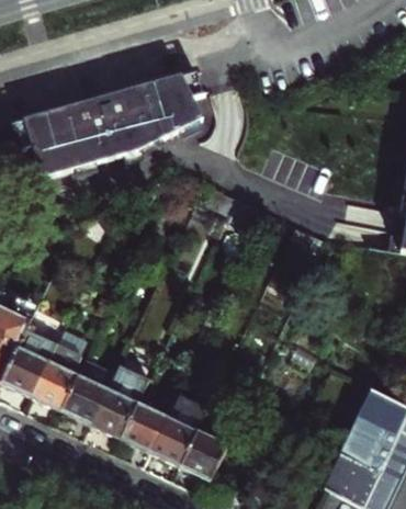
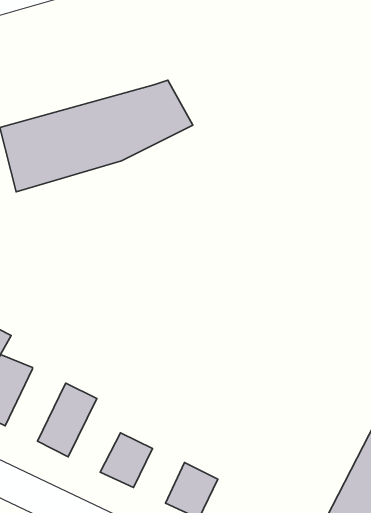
building: [30,342,84,409] -> none
building: [88,364,147,438] -> none
building: [148,391,207,466] -> none

